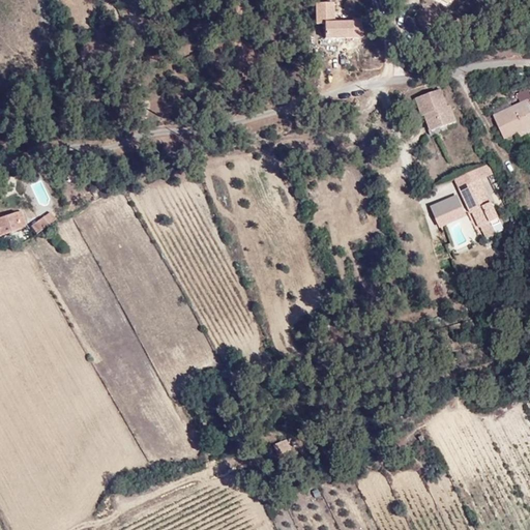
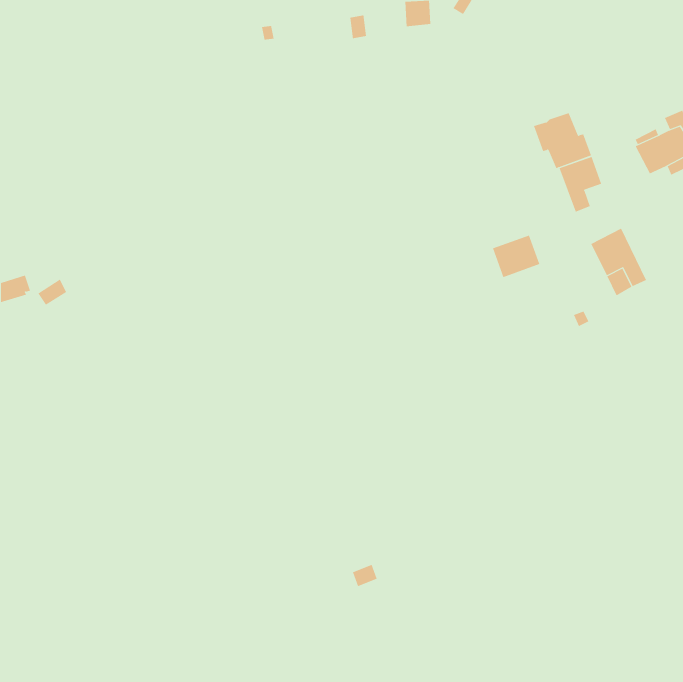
building: [323,19,353,37] -> none
building: none -> [559,156,602,213]
building: [430,193,467,226] -> [492,235,540,278]

